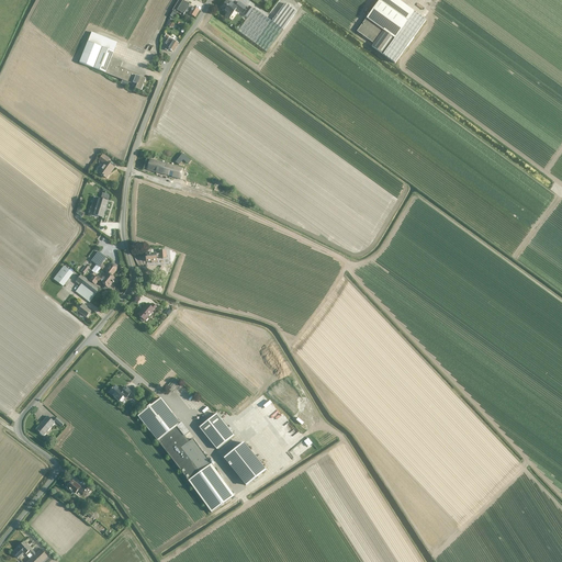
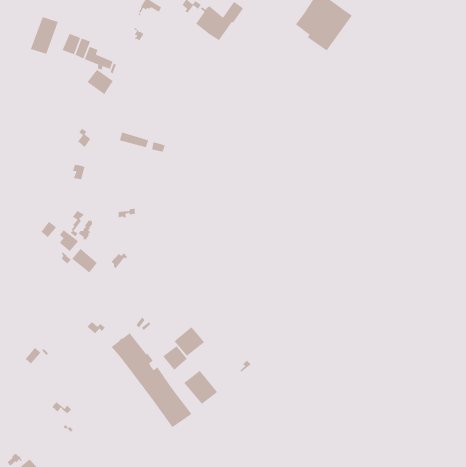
building: none -> [30,16,59,55]
building: none -> [86,69,114,95]
building: none -> [71,248,98,273]
building: none -> [173,326,205,357]

